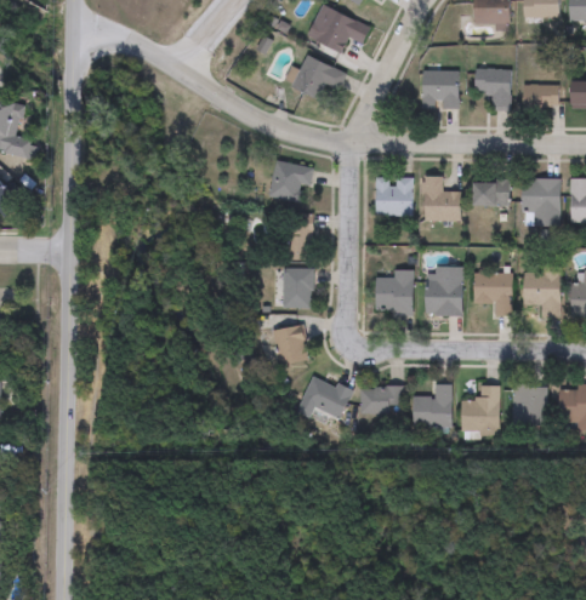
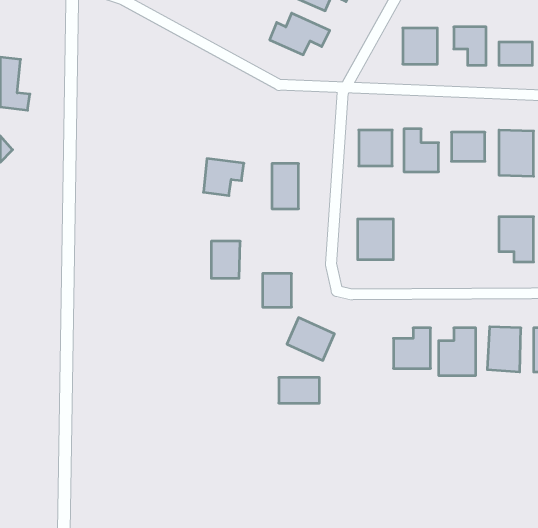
building: [271,161,313,200] -> [203,159,244,196]
building: [427,265,462,315] -> none
building: [283,268,313,307] -> [211,241,240,278]
building: [473,272,512,314] -> none
building: [360,385,403,412] -> [279,378,319,403]

